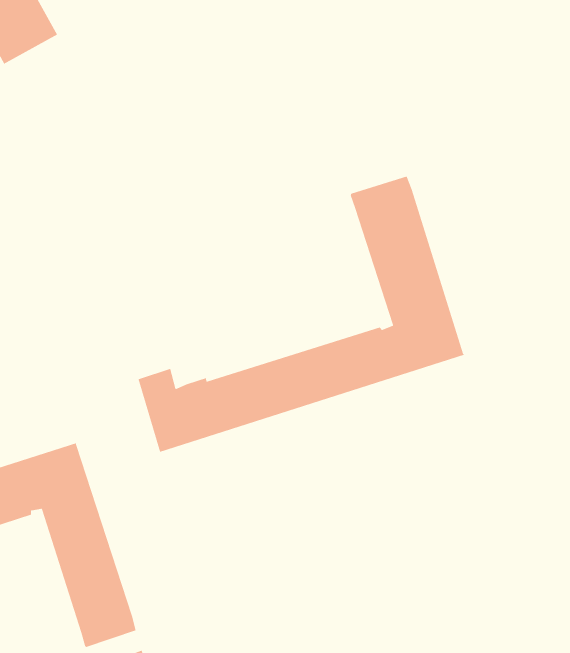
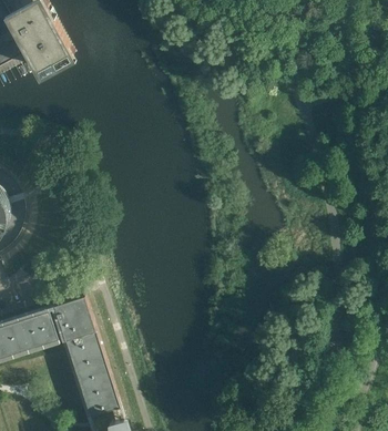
building: [138,176,465,453] -> none

